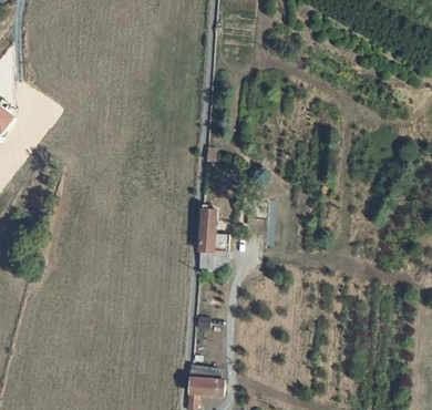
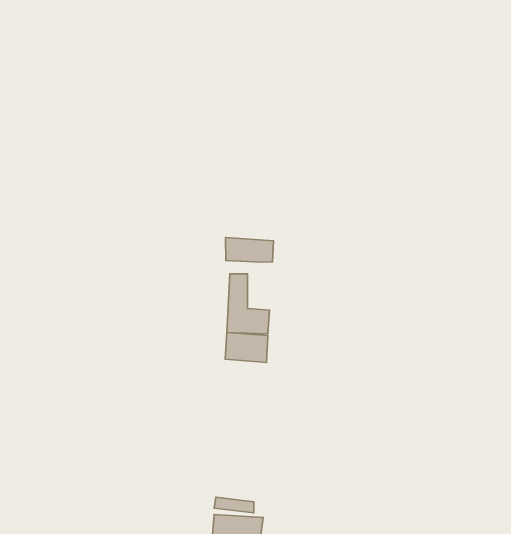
building: none -> [226,238,274,262]

